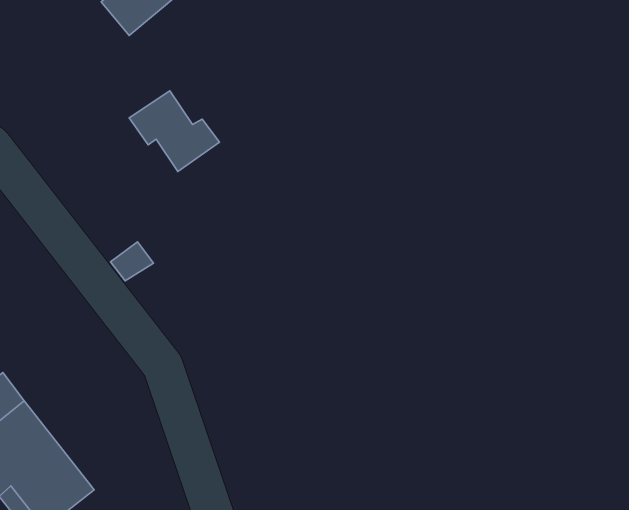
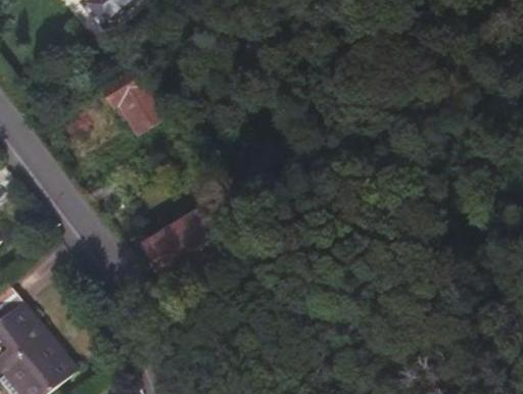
building: none -> [143,209,211,282]

